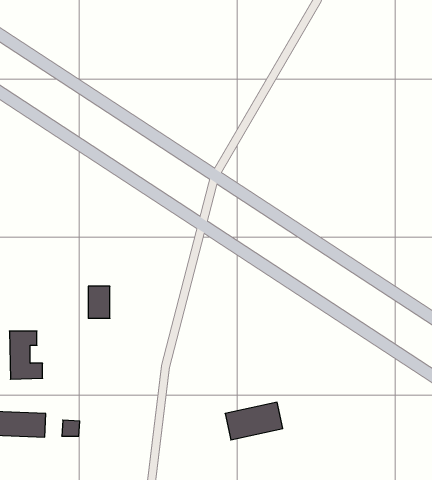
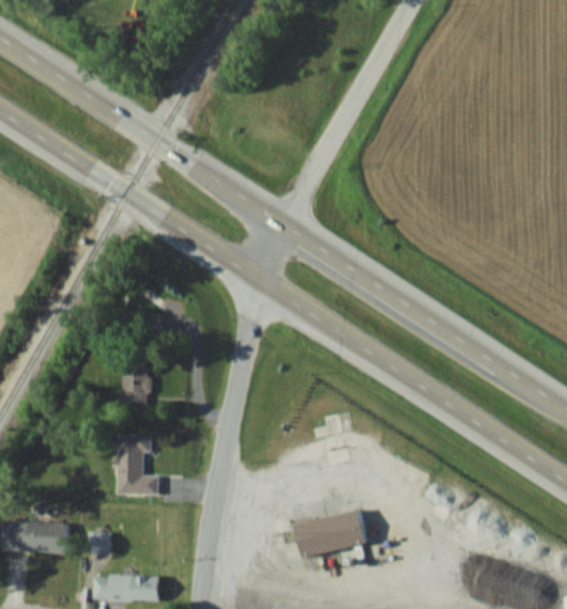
building: [9,331,43,379] -> [118,434,159,495]
building: none -> [94,576,159,601]

